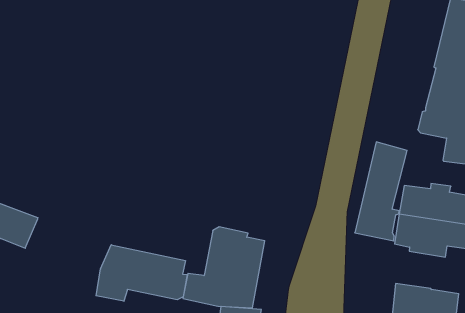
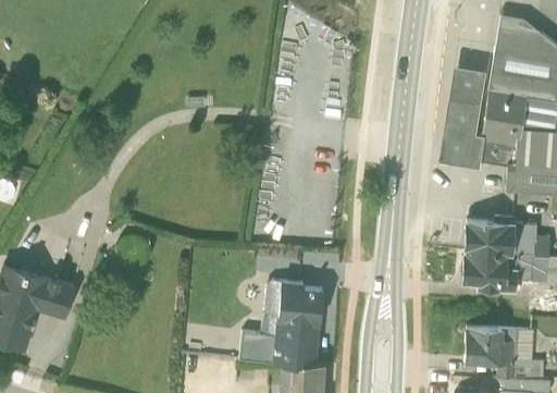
building: [355,142,407,241] -> [438,63,487,168]
building: [96,245,187,301] -> none

